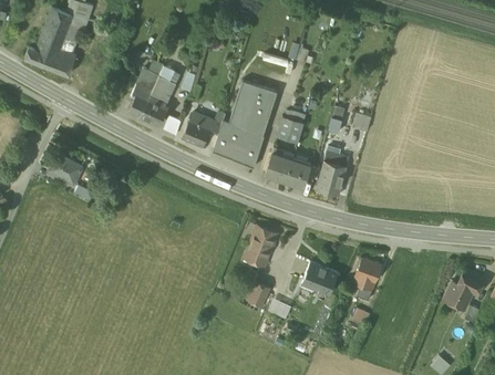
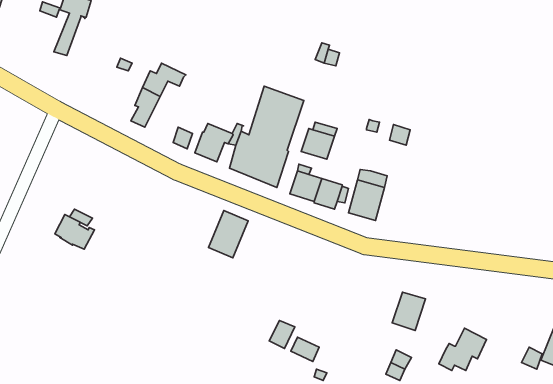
building: [24,13,75,75] -> none
building: [140,72,179,124] -> none
building: [48,154,82,184] -> [55,215,94,249]
building: [243,225,277,265] -> [208,211,248,258]
building: [301,261,339,294] -> none
building: [445,269,486,305] -> [439,328,486,370]

